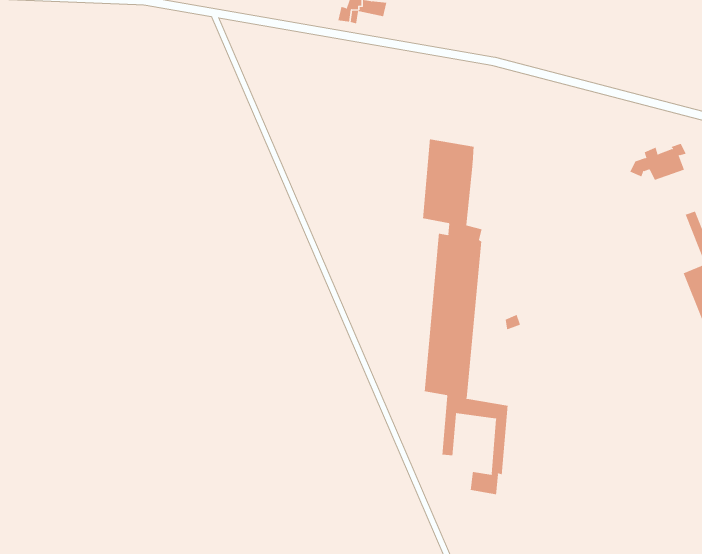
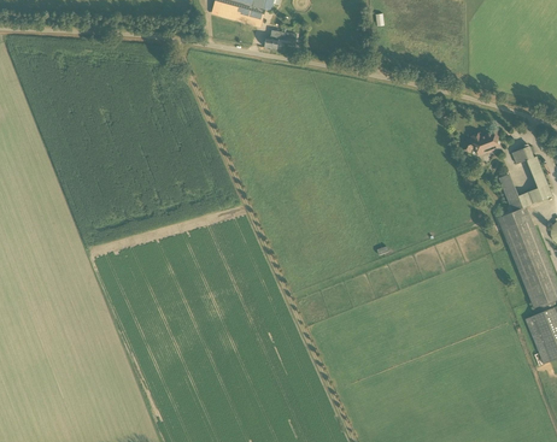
building: [423,139,508,495] -> none

